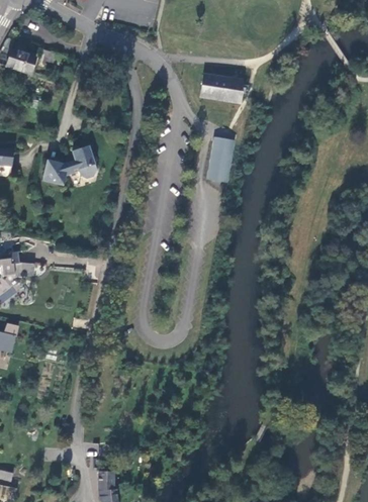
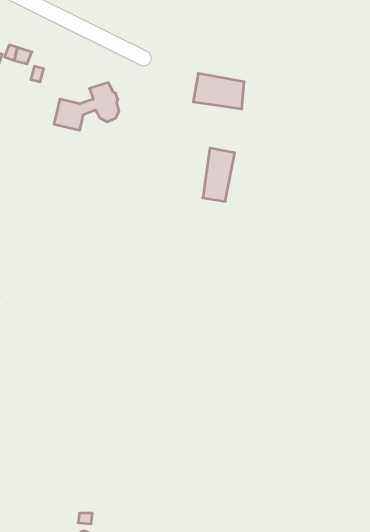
building: [40,145,96,186] -> [54,83,119,130]

